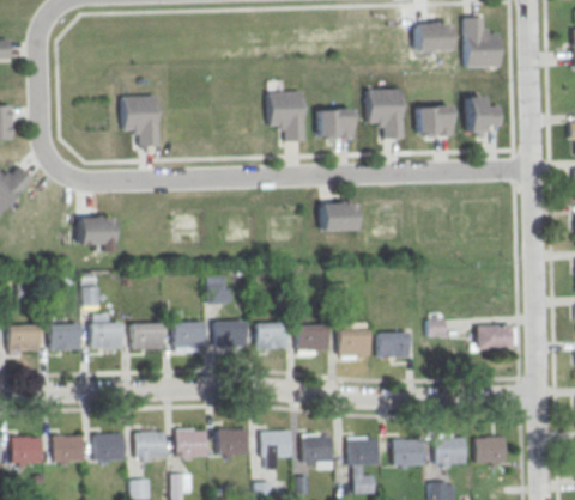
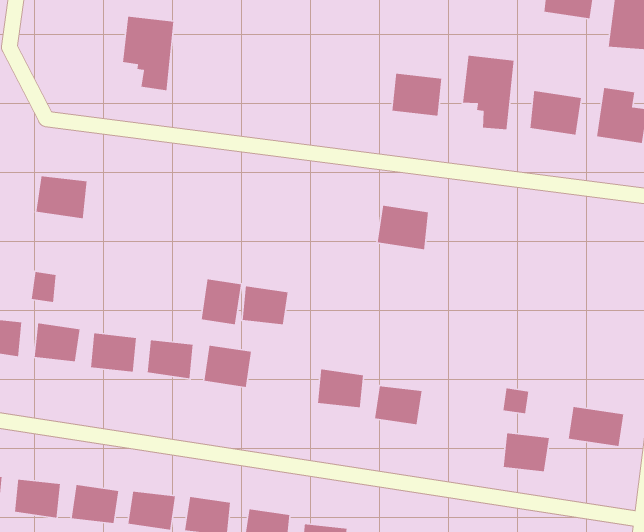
building: [267,91,303,141] -> none
building: [255,323,286,348] -> [242,285,288,325]
building: [377,331,408,358] -> [503,433,550,472]

